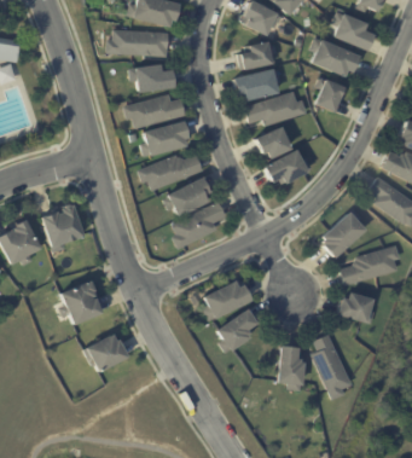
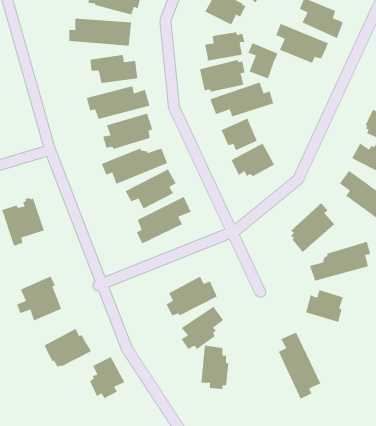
building: [314,74,344,110] -> [247,42,278,79]
building: [278,346,306,389] -> [201,345,229,390]
building: none -> [89,355,125,399]

